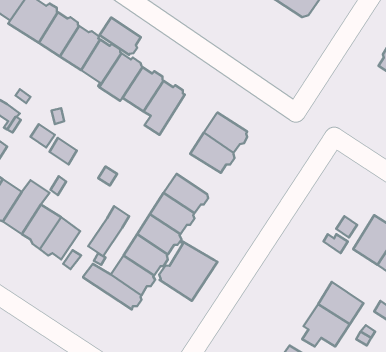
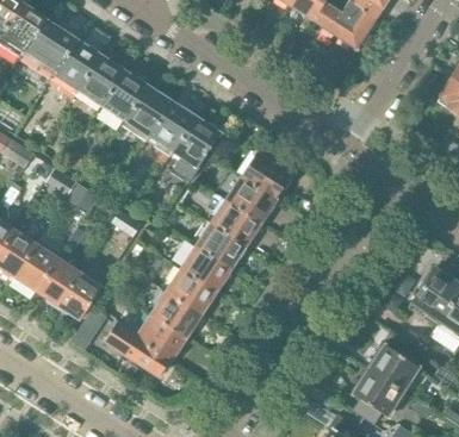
building: [99,17,141,55] -> none
building: none -> [210,200,260,245]
building: [88,206,129,256] -> none
building: [159,240,217,301] -> none

